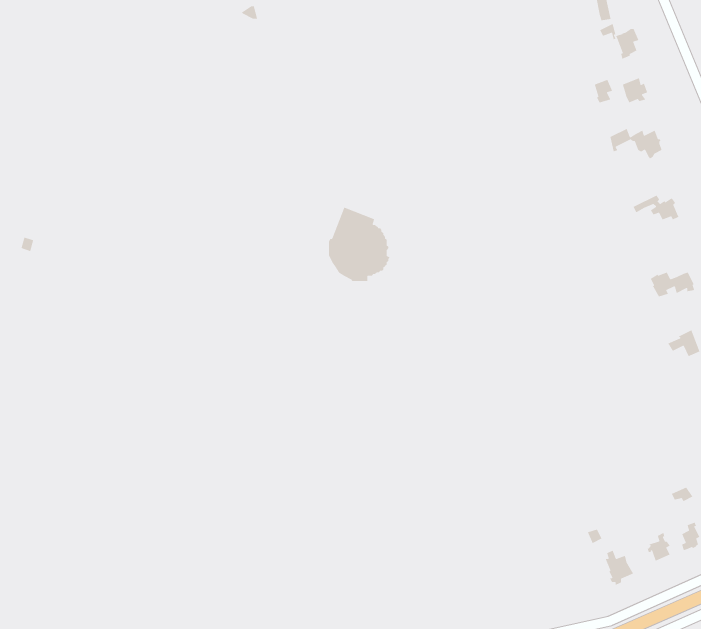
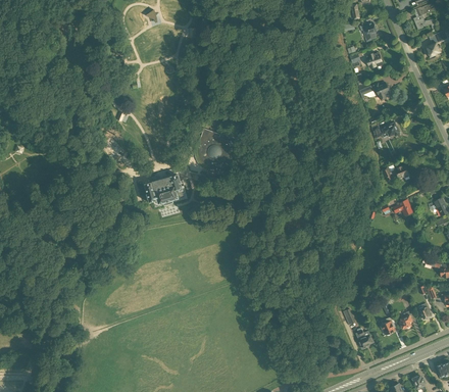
building: none -> [143,175,183,204]

